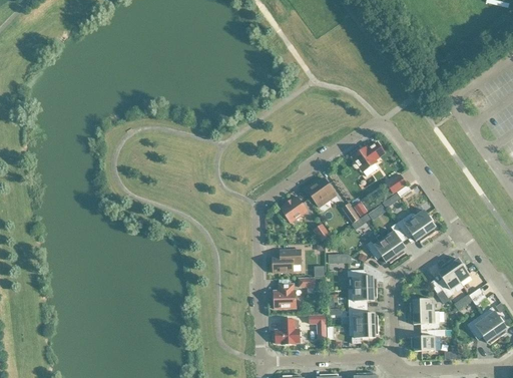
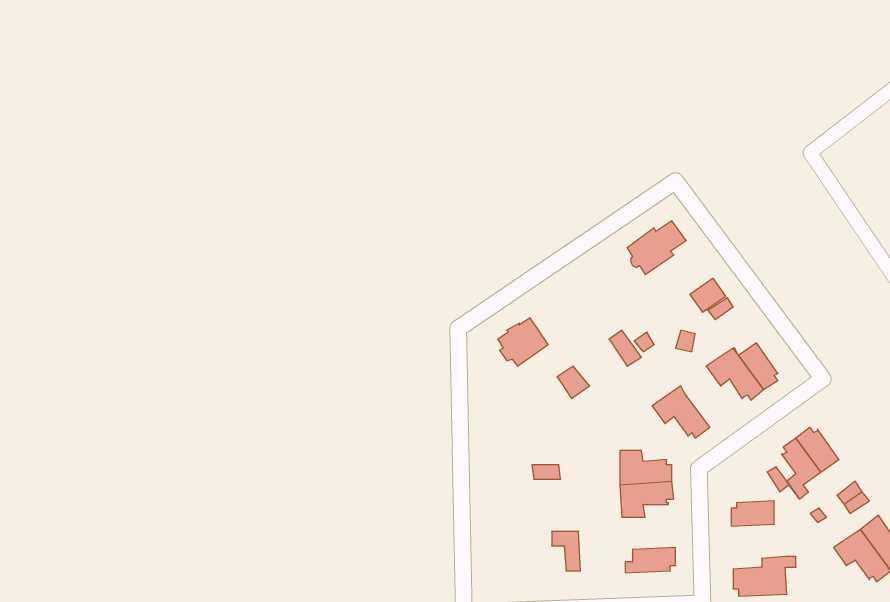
building: [307,177,334,203] -> none
building: [384,223,406,257] -> none
building: [273,249,301,272] -> none
building: [274,284,296,308] -> none
building: [349,307,379,325] -> none
building: [410,311,440,329] -> none
building: [274,319,300,344] -> none

